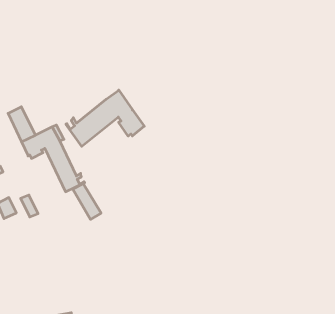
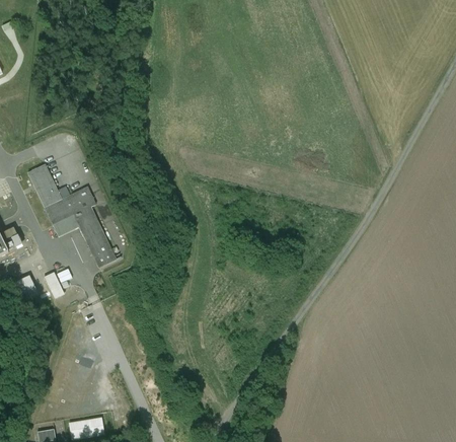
building: [66,90,144,146] -> none
building: [73,183,101,219] -> none

